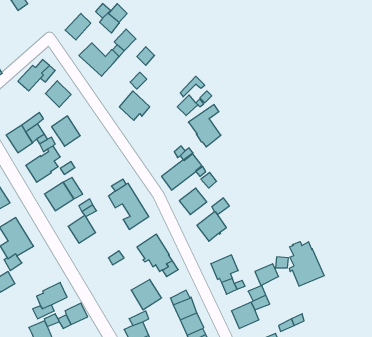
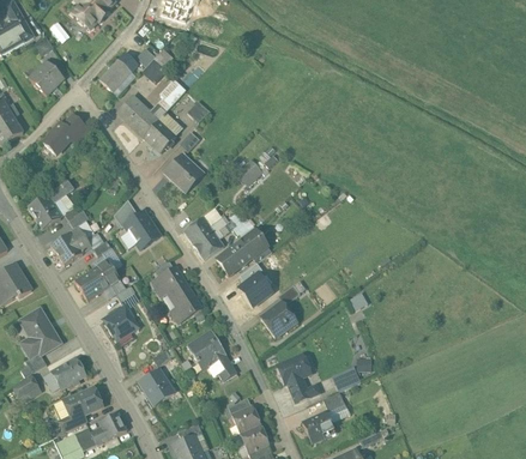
building: none -> [29,59,65,95]
building: [45,81,71,107] -> [144,120,175,152]
building: [188,105,221,147] -> [183,207,223,259]
building: [52,116,80,146] -> [125,211,159,248]
building: [290,242,324,286] -> none
building: none -> [52,357,85,388]
building: [131,279,162,310] -> [138,368,175,405]

